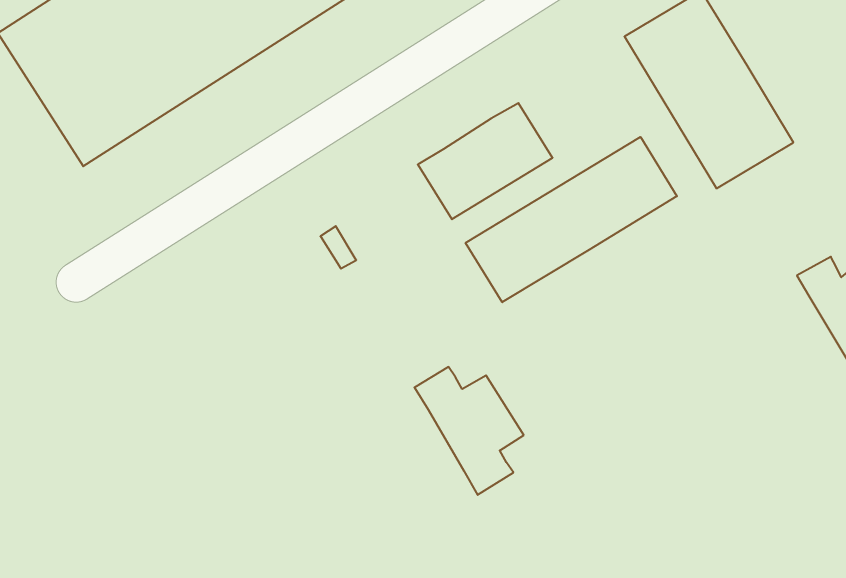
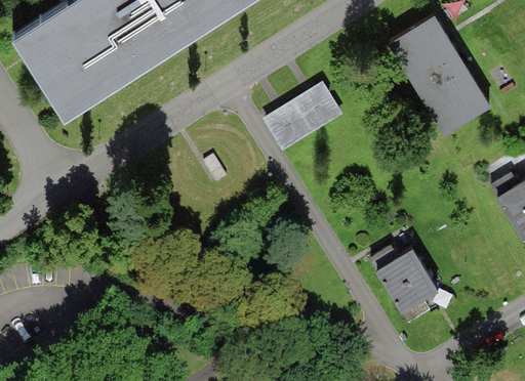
building: [466,137,677,302] -> none
building: [414,367,524,495] -> [370,249,436,326]

